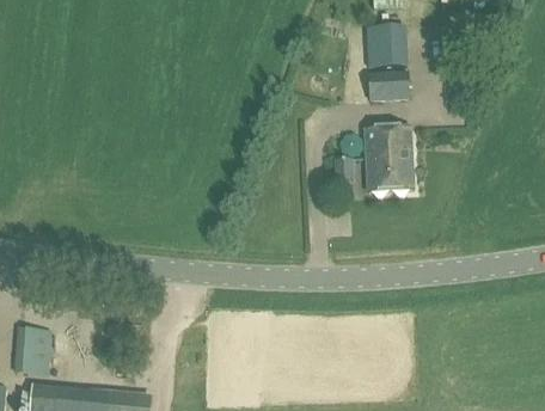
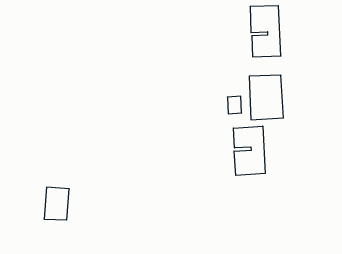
building: none -> [233,126,265,175]
building: [14,326,50,373] -> [44,187,69,220]

